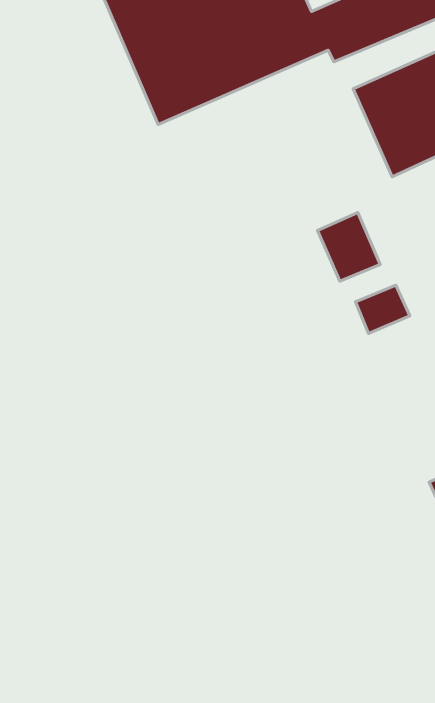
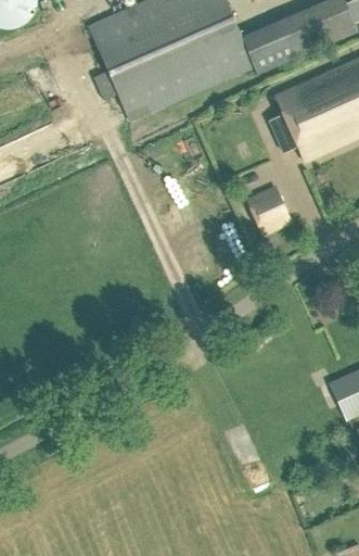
building: [355,285,410,334] -> none

